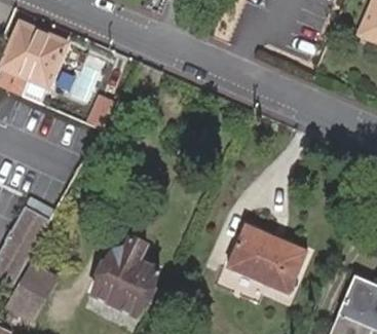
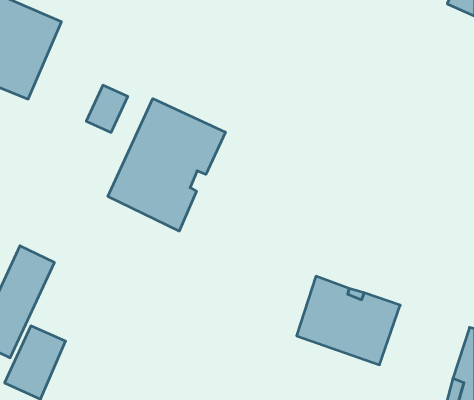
building: none -> [108,99,225,231]
building: [106,234,171,313] -> none

